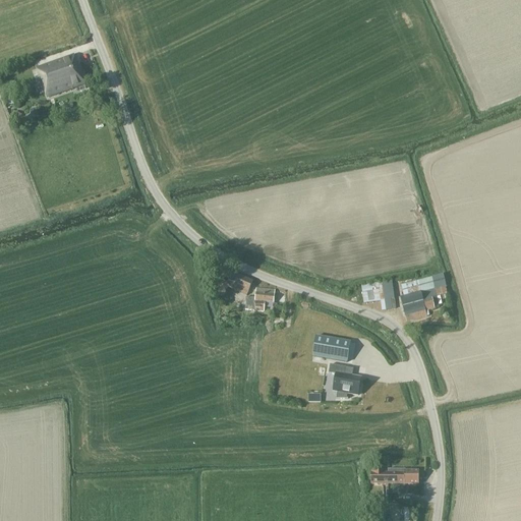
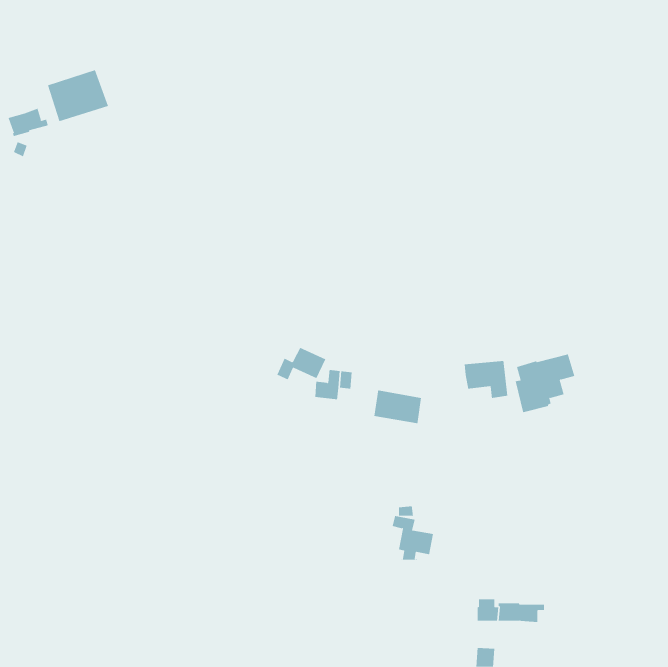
building: none -> [8,108,48,137]
building: [313,335,351,361] -> [374,390,422,424]
building: [329,363,361,398] -> [392,516,434,560]

